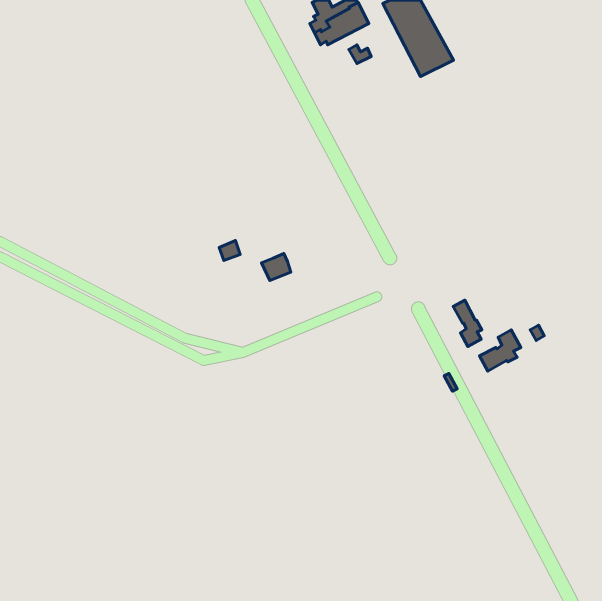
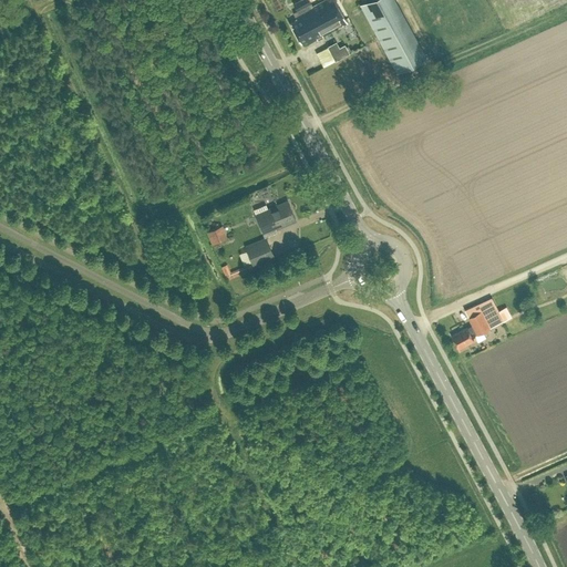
building: none -> [256,203,295,237]
building: [453,300,482,346] -> none

